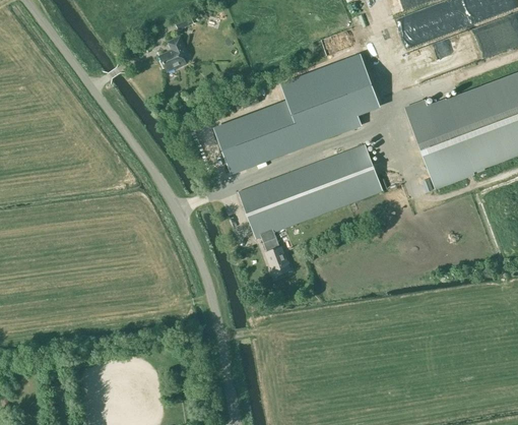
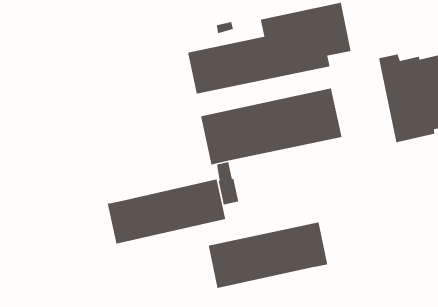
building: none -> [107,178,226,244]
building: none -> [208,221,328,289]

